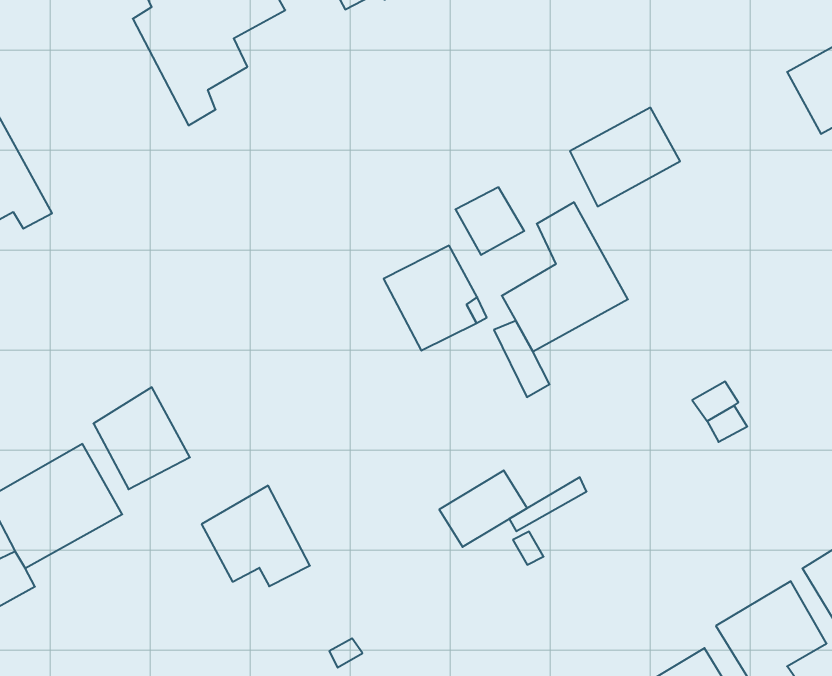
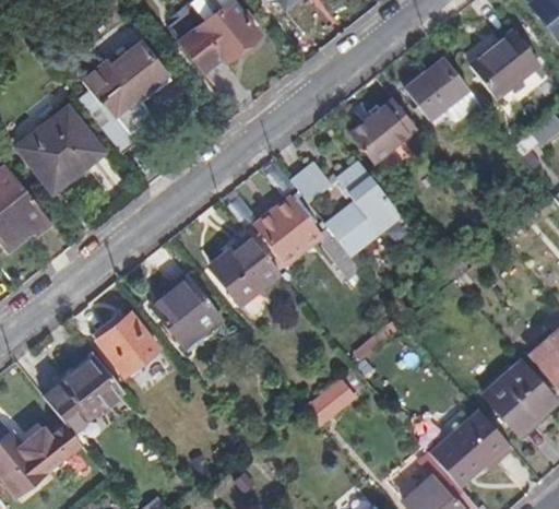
building: none -> [20,108,104,188]
building: none -> [404,58,478,120]
building: none -> [213,232,280,304]
building: [439,470,527,547] -> [305,377,356,426]
building: [202,486,310,586] -> [153,277,221,338]

